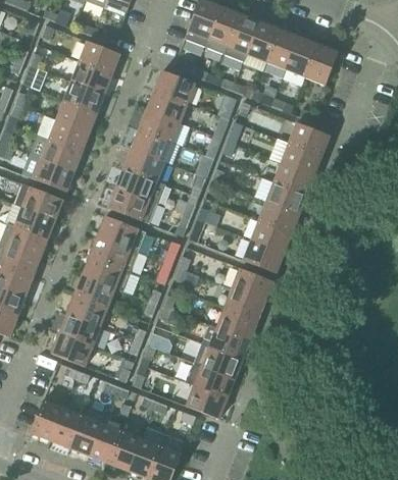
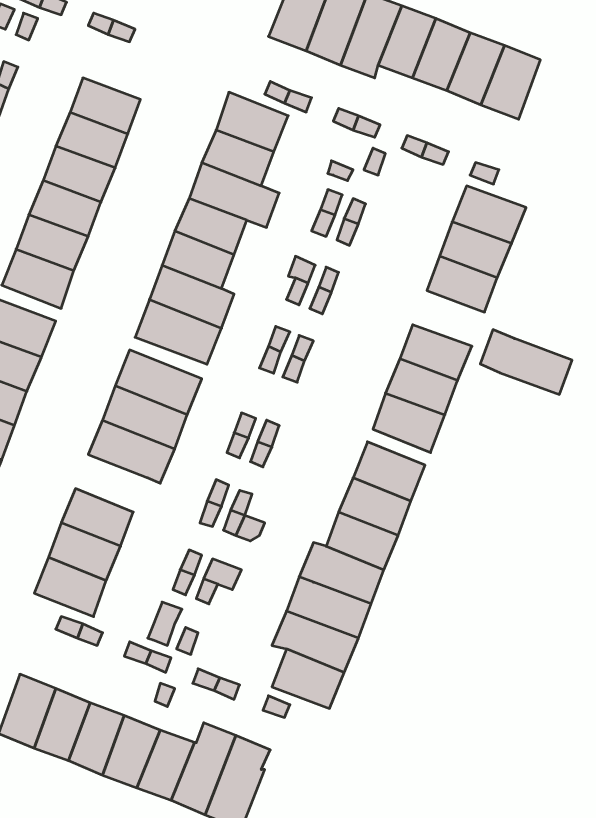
building: [79,41,119,73] -> none
building: [254,176,306,213] -> [480,330,572,394]
building: [74,274,115,307] -> none

